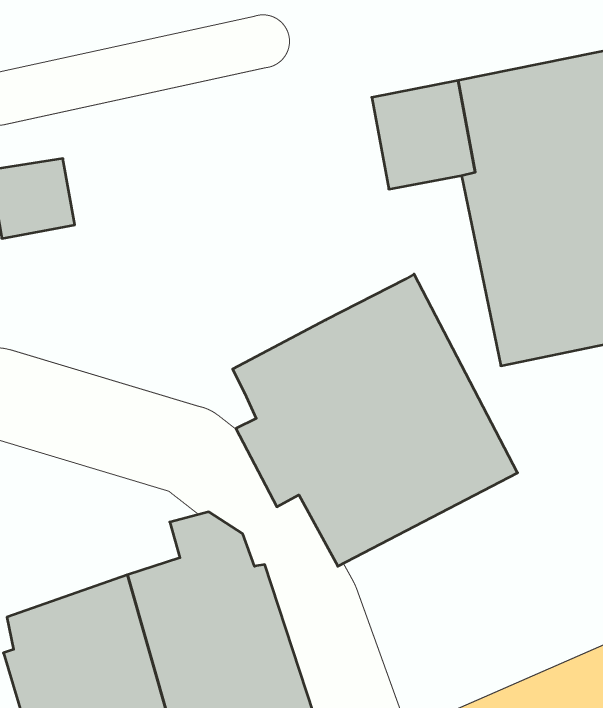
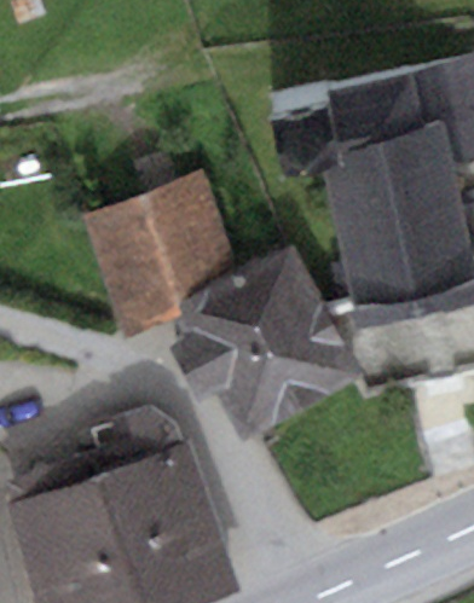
building: none -> [83,169,236,341]

